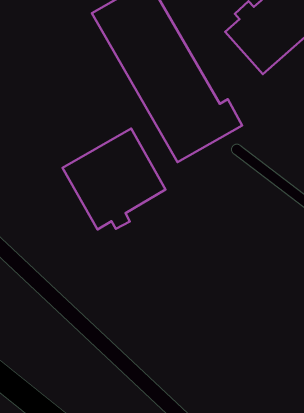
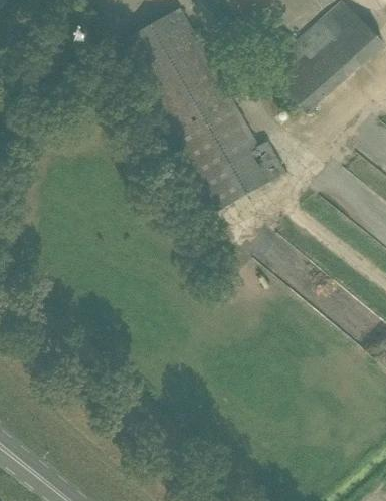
building: [62,128,165,229] -> none

